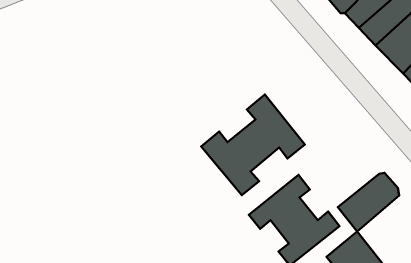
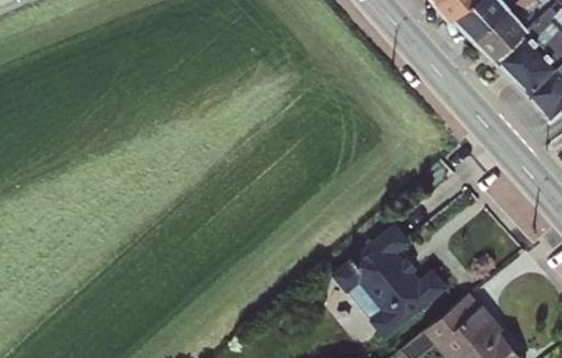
building: [201,95,305,195] -> none
building: [338,173,399,231] -> none

